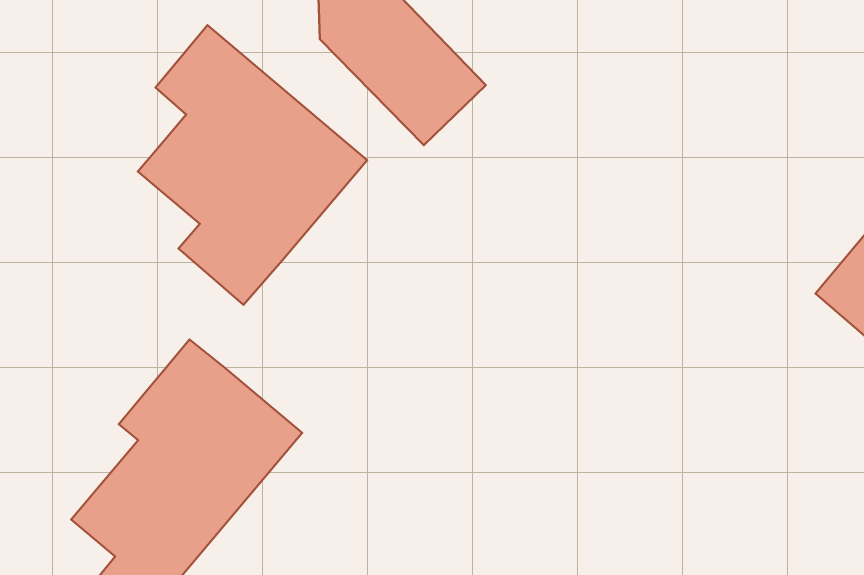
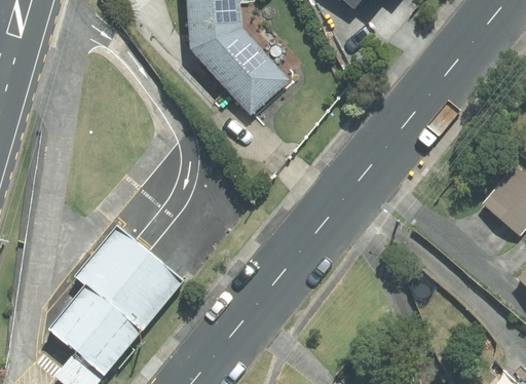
building: [138,25,367,305] -> none

